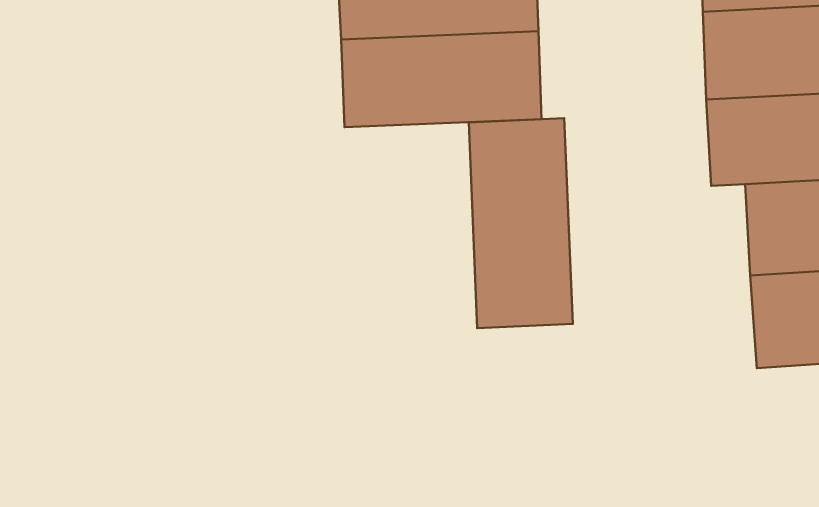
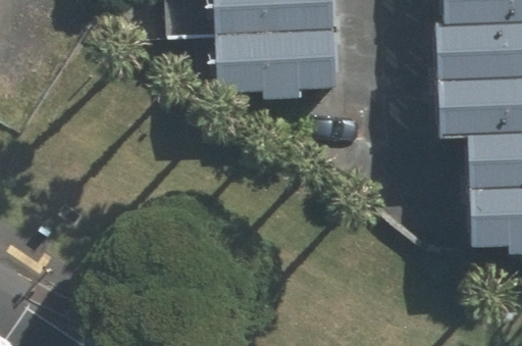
building: [469,118,573,328] -> none

